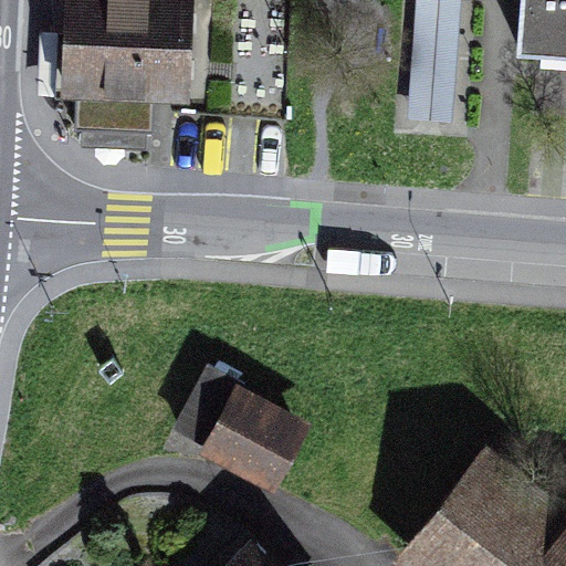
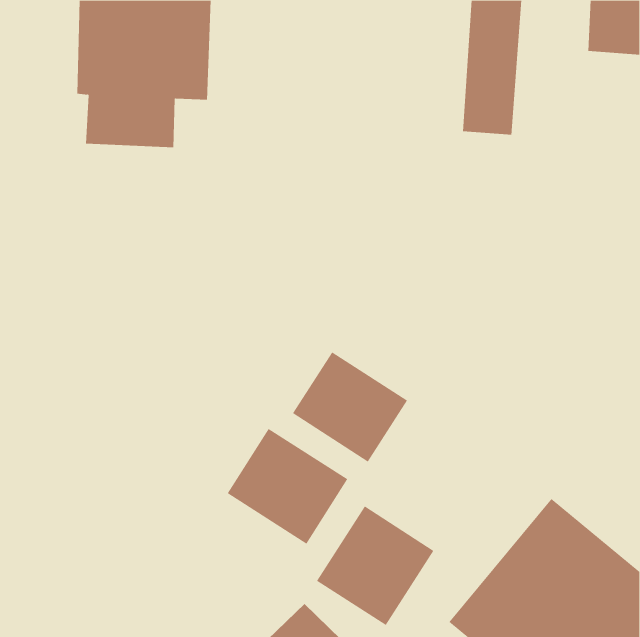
building: none -> [292,351,408,462]
building: none -> [316,506,434,626]

